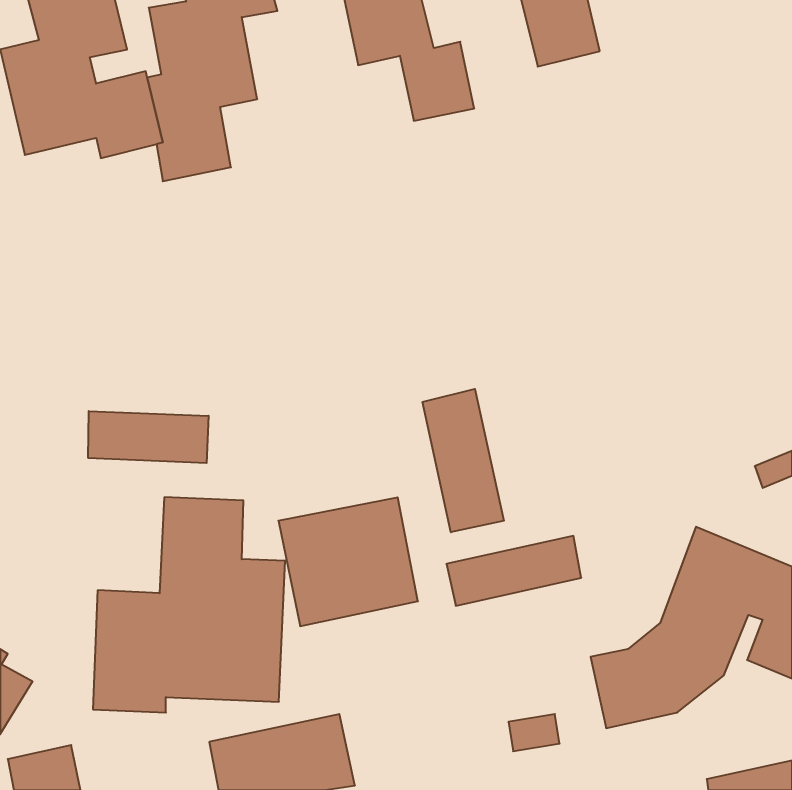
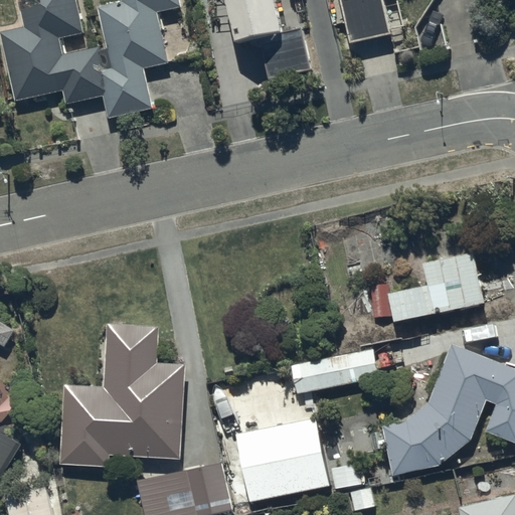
building: [423,389,504,532] -> none
building: none -> [356,253,483,346]
building: [88,411,209,463] -> none
building: [278,497,418,626] -> [236,418,327,502]

